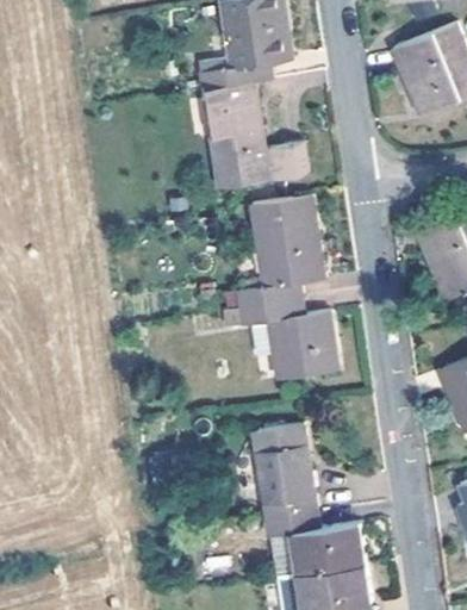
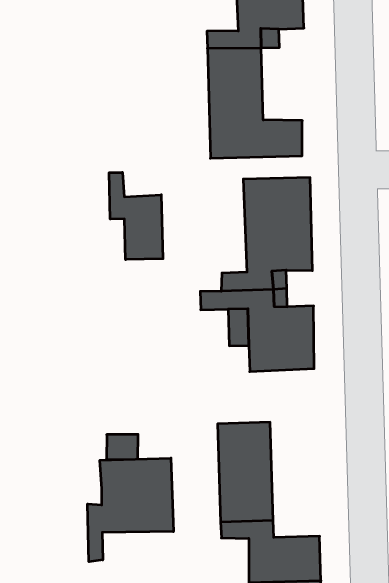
building: none -> [109,172,163,260]
building: none -> [88,458,173,562]

